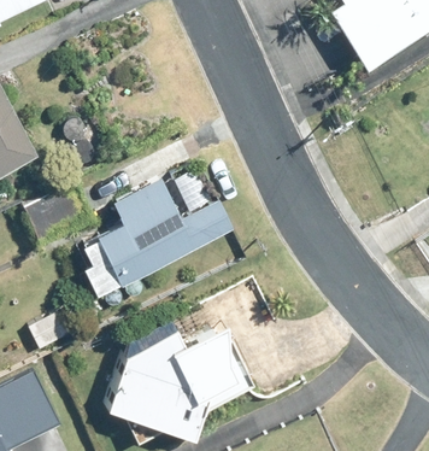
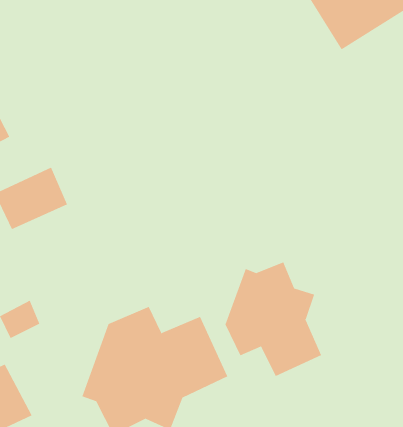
building: [96,182,235,288] -> none
building: none -> [225,261,322,377]

